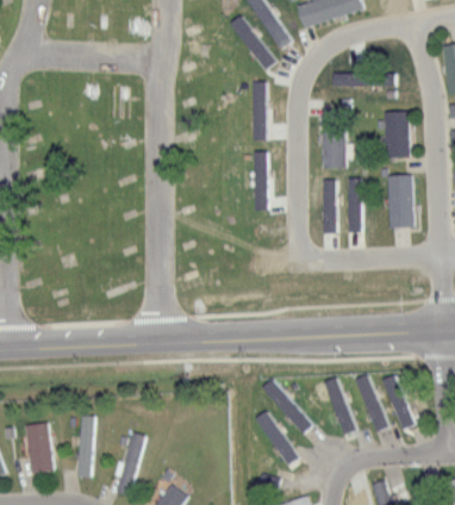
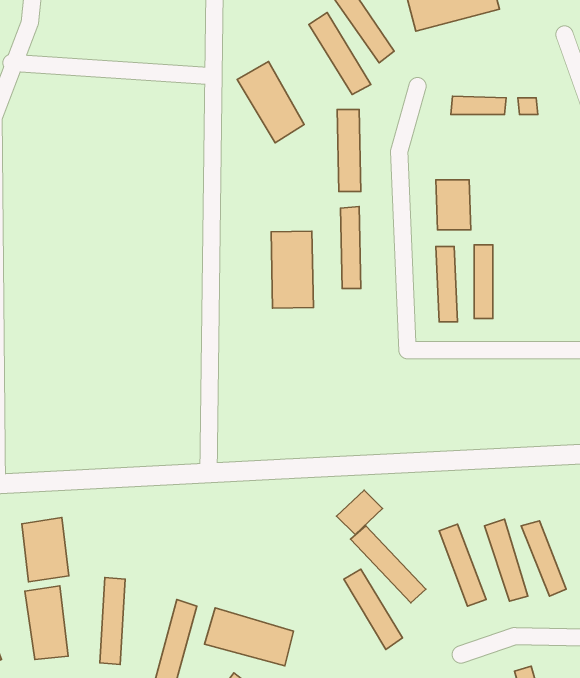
building: none -> [237,62,304,143]
building: [385,113,412,155] -> none
building: none -> [271,231,313,308]
building: [389,175,415,229] -> none
building: none -> [337,490,383,535]
building: none -> [22,518,69,582]
building: none -> [205,608,293,666]

